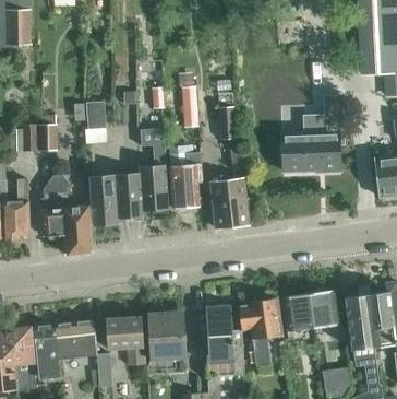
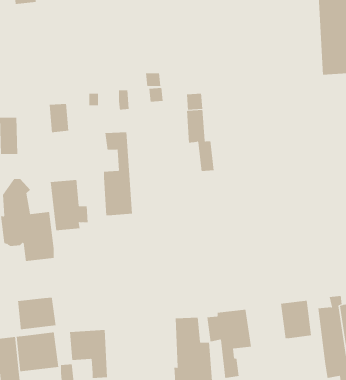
building: [281,95,344,172] -> none
building: [167,151,202,211] -> none
building: [113,172,143,215] -> none
building: [207,177,248,228] -> none
building: none -> [18,297,56,330]
building: [282,293,313,330] -> none
building: [149,310,184,359] -> none

